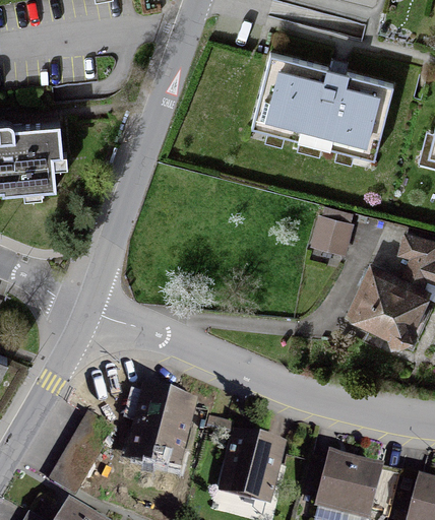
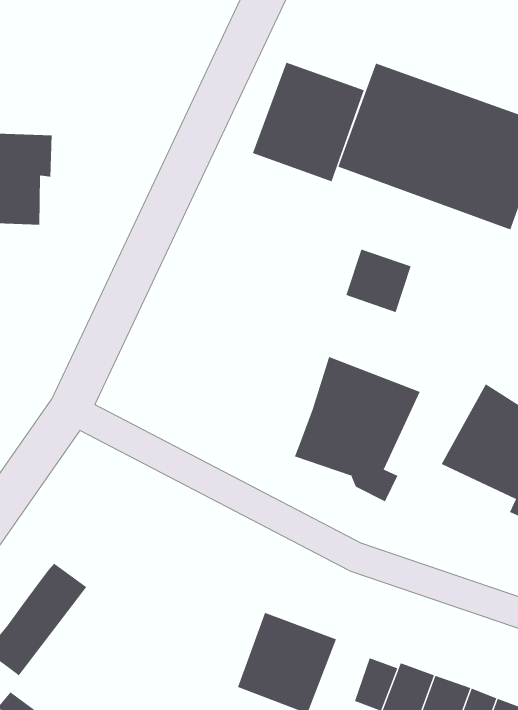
building: none -> [252,62,365,182]
building: [311,216,354,257] -> [345,249,411,313]
building: none -> [294,356,421,502]
building: [123,388,194,465] -> none

